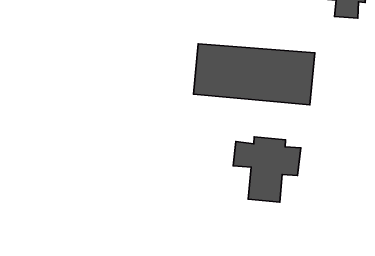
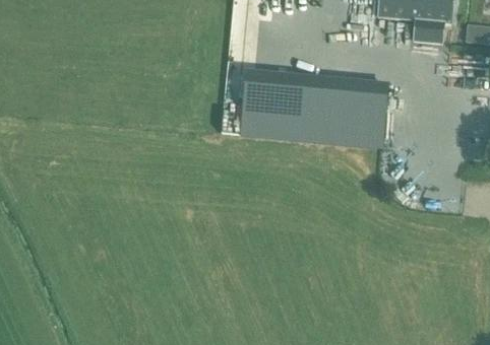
building: [233,137,301,202] -> none

